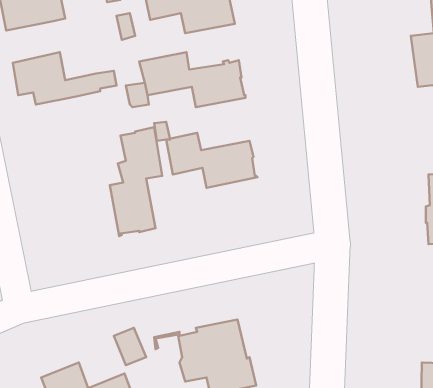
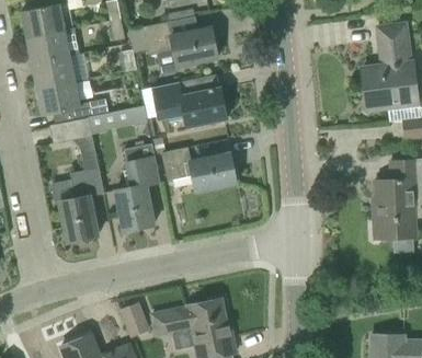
building: none -> [32,56,76,90]
building: none -> [49,117,104,242]

